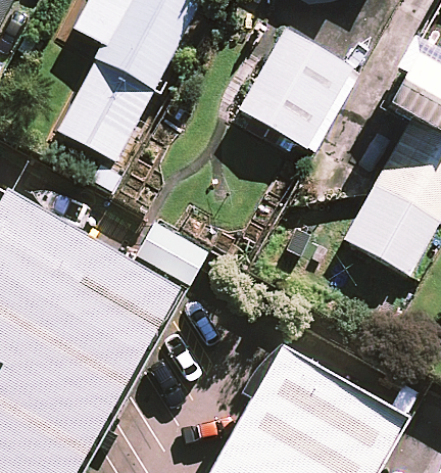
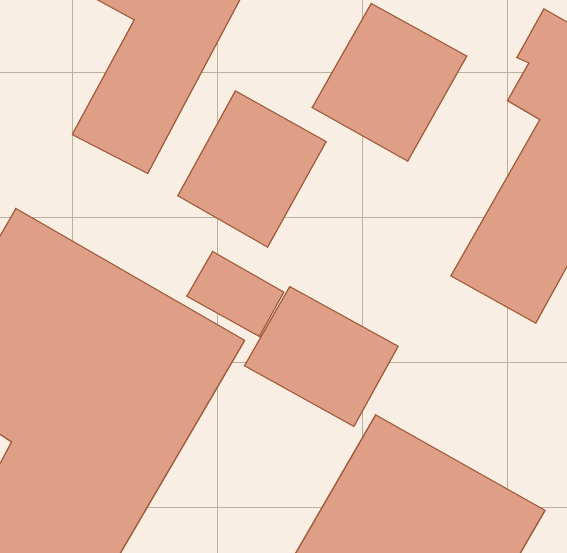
building: none -> [178,91,326,247]
building: none -> [244,287,398,426]

